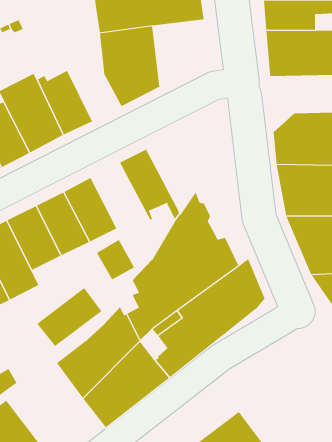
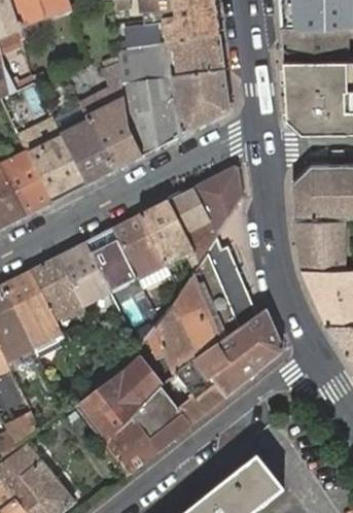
building: none -> [80,65,143,170]
building: none -> [174,71,230,137]
building: none -> [168,165,242,262]
building: none -> [113,211,171,276]
building: [37,287,102,347] -> none

